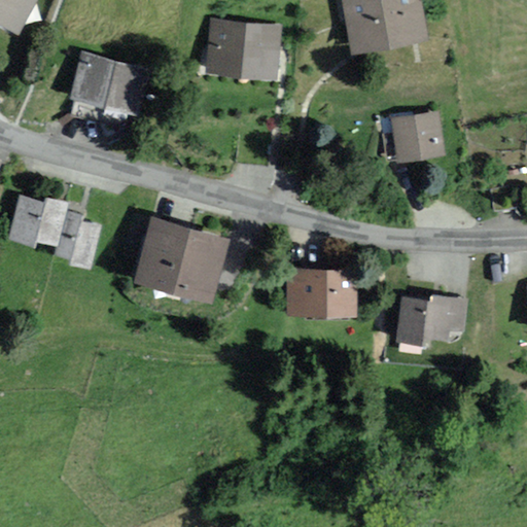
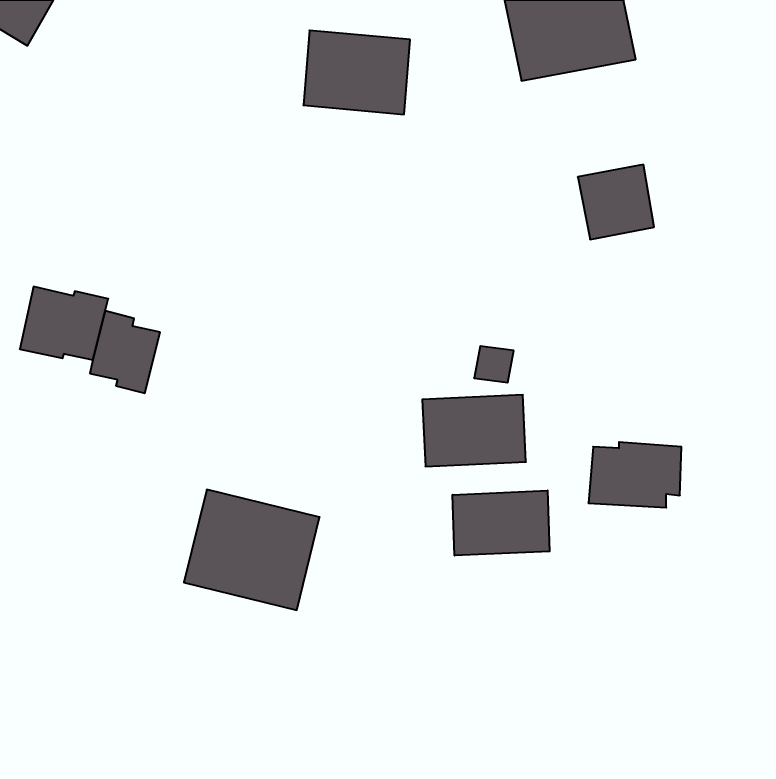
building: [66,52,145,114] -> none
building: [135,222,226,304] -> [184,490,320,610]
building: none -> [453,490,550,556]

